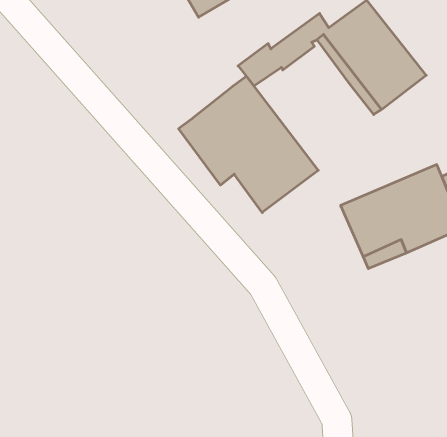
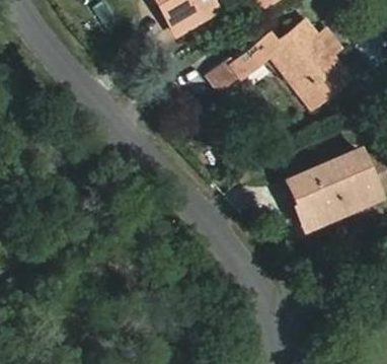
building: [179,76,318,213] -> none

